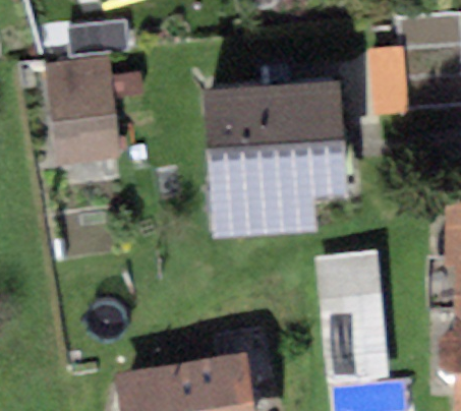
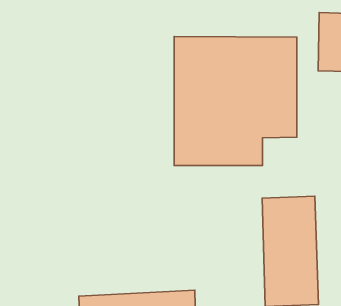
building: [45,62,117,167] -> none

